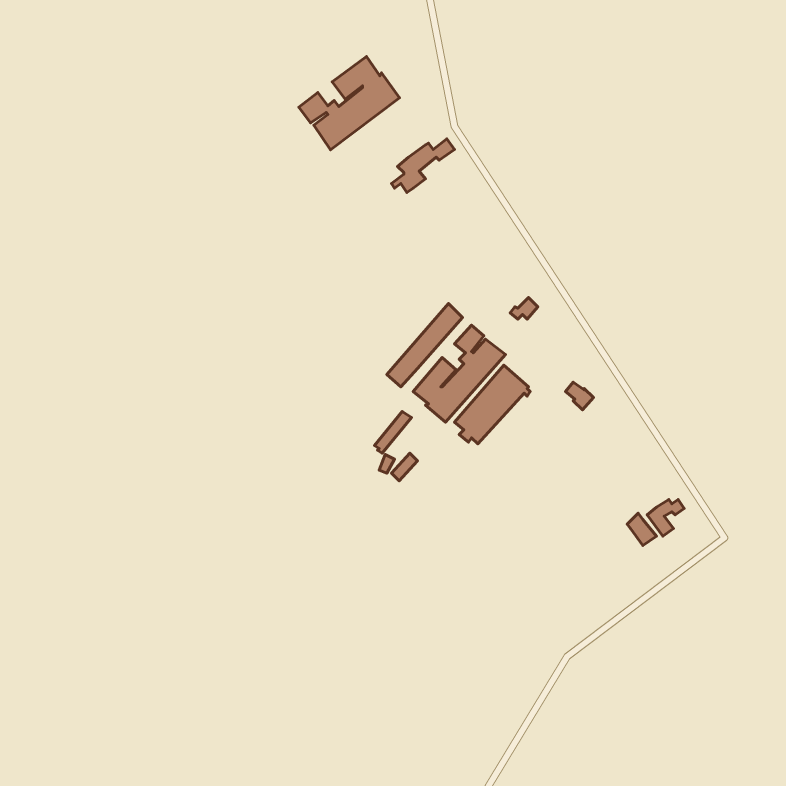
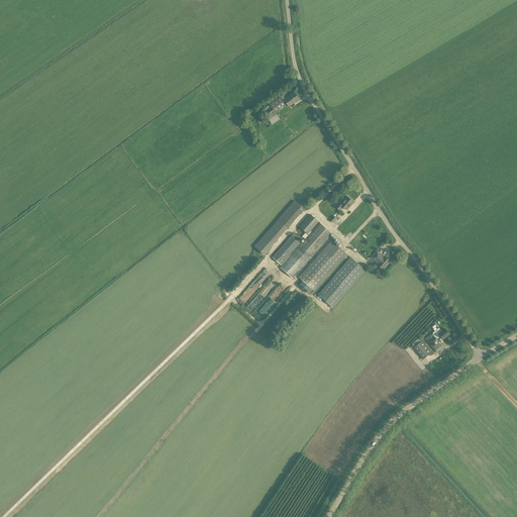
building: [299,57,400,150] -> none
building: none -> [317,256,365,307]

